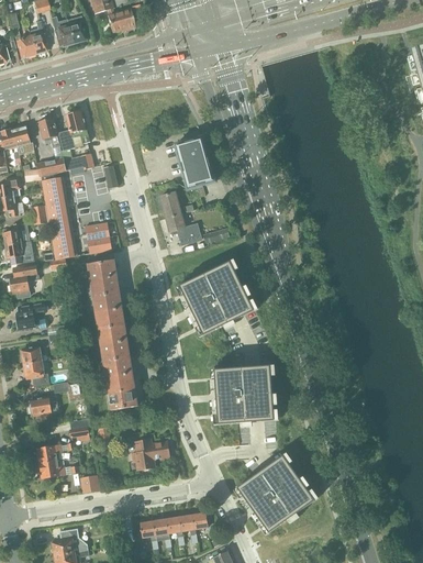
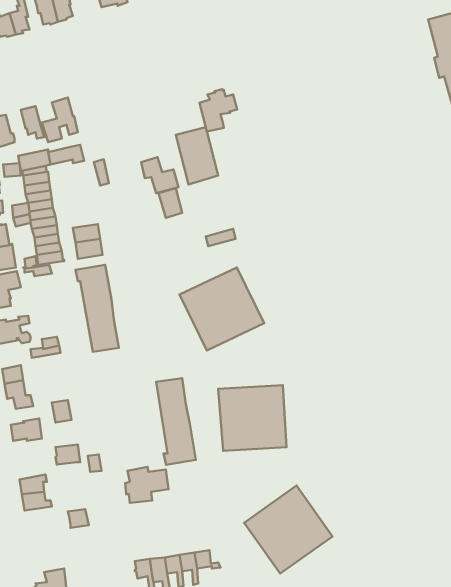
building: none -> [200,89,237,132]
building: [167,212,200,244] -> [141,157,178,193]
building: [102,332,137,409] -> [156,378,196,465]

